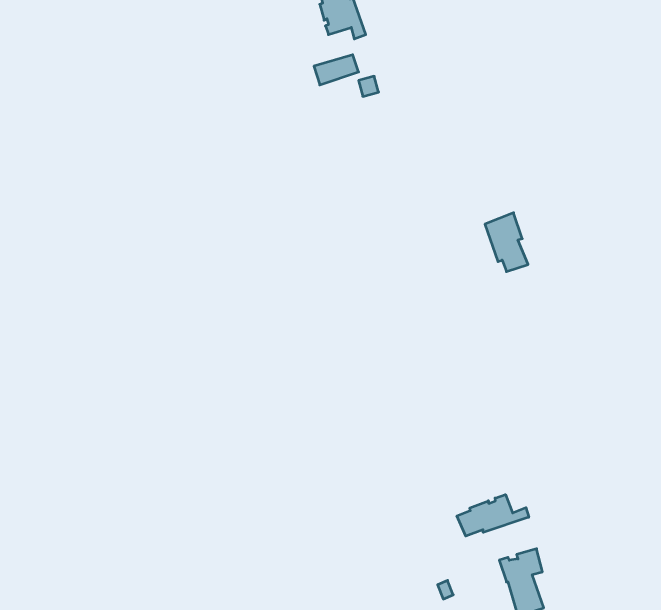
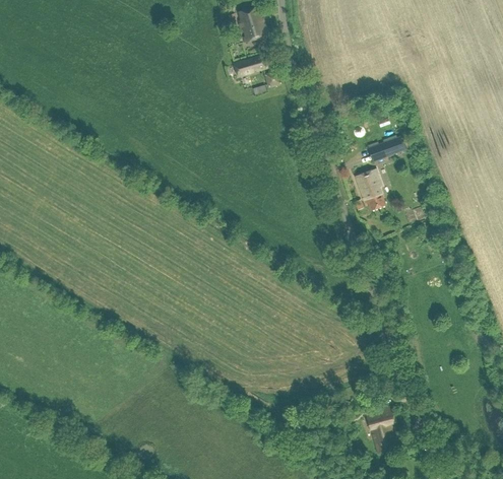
building: none -> [366,134,405,161]
building: [457,495,529,536] -> none

